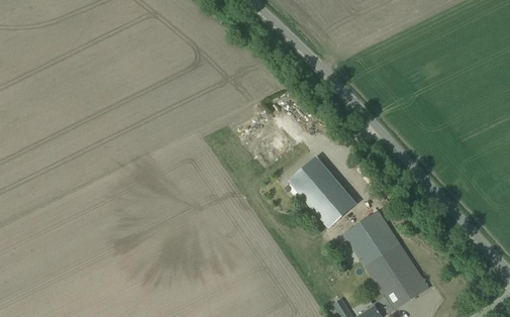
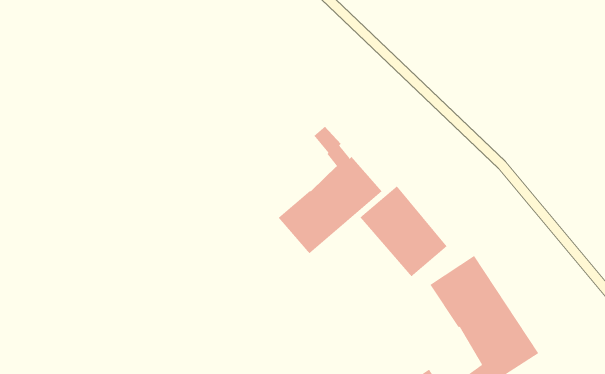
building: none -> [278,126,382,254]

